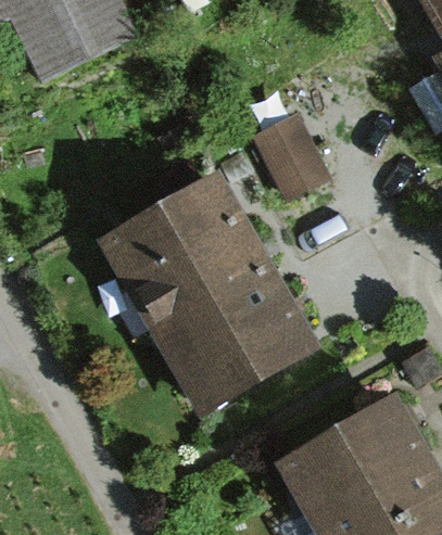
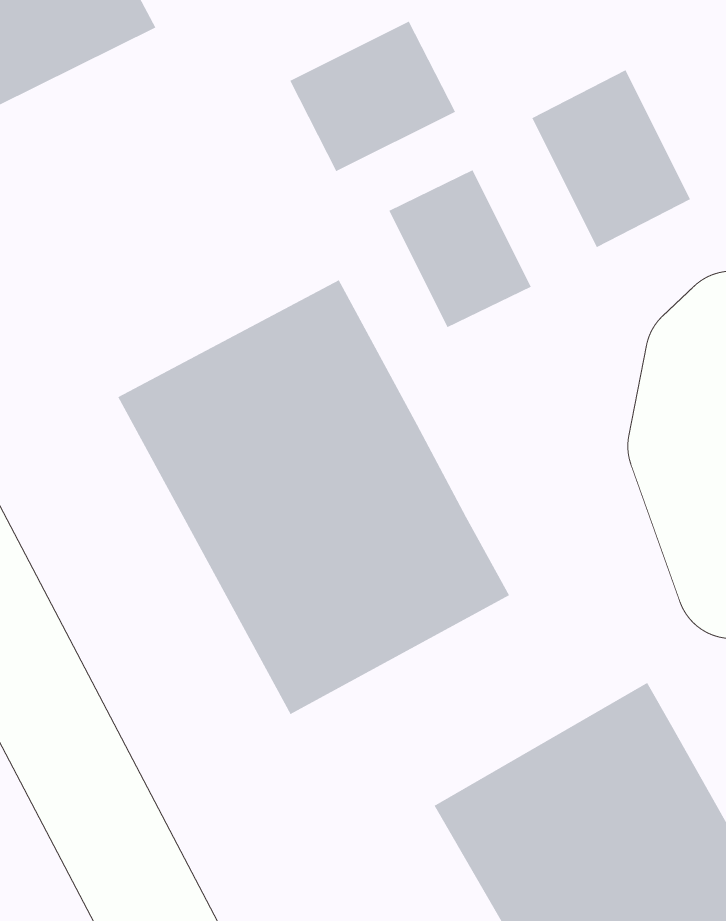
building: none -> [289,20,456,172]
building: none -> [531,69,691,248]

